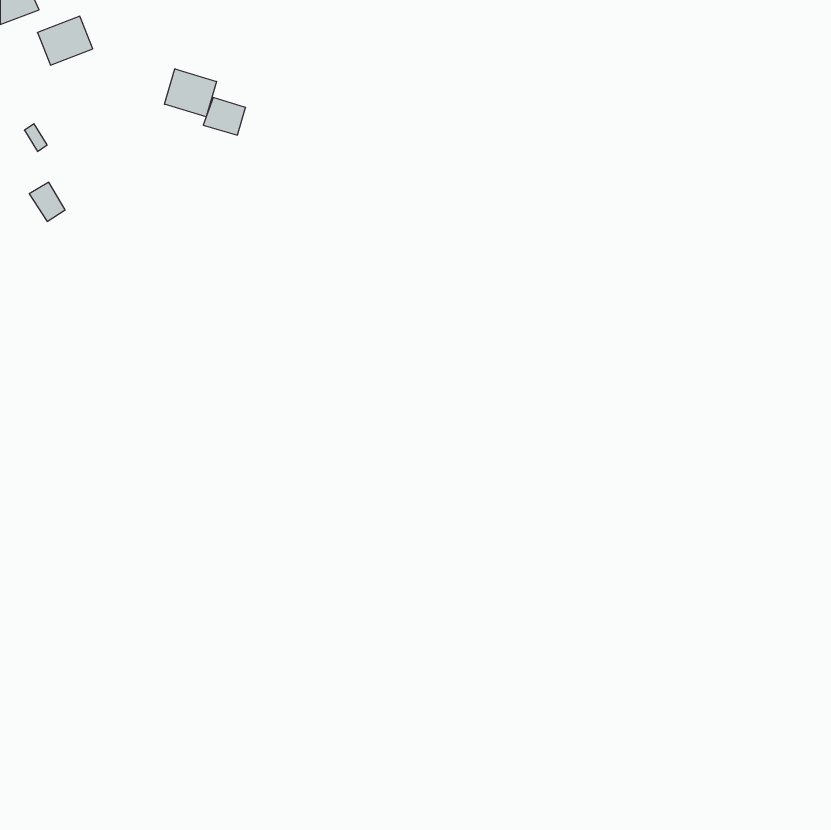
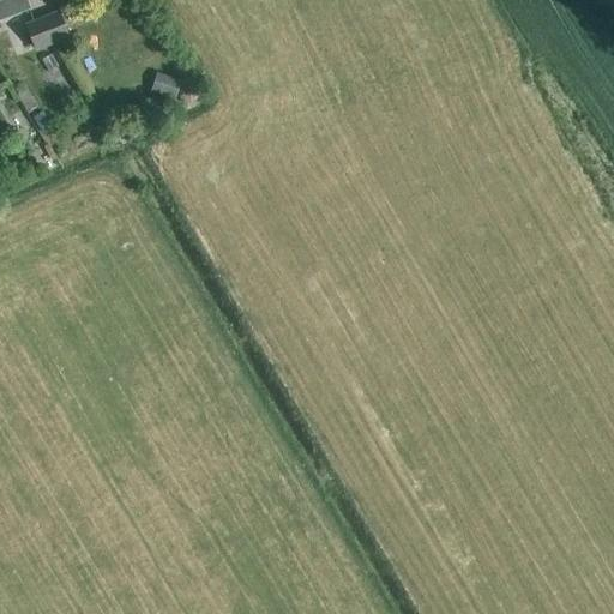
building: [164,69,217,117] -> none

